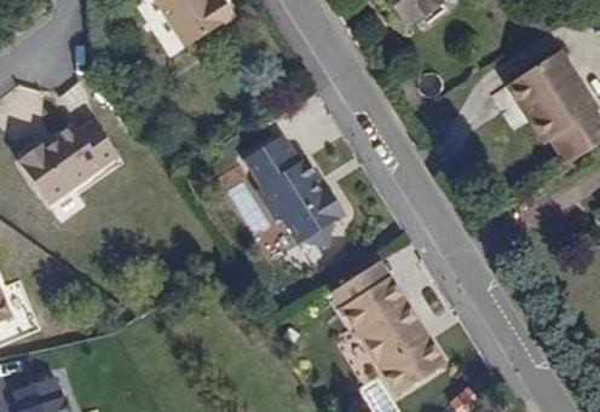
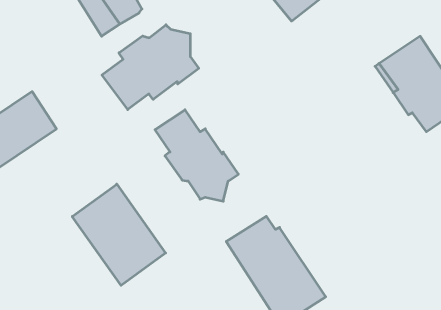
building: none -> [102,25,199,110]
building: none -> [72,184,166,285]

